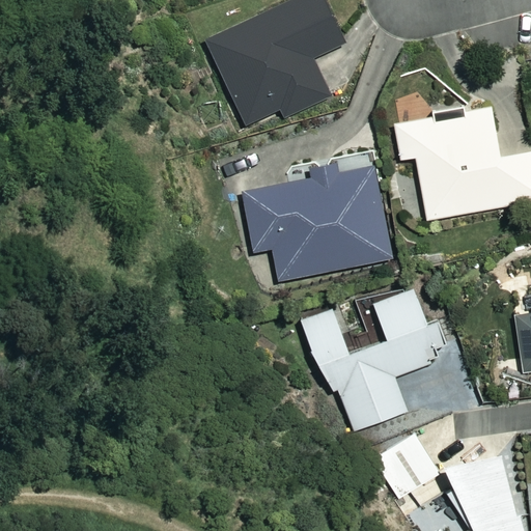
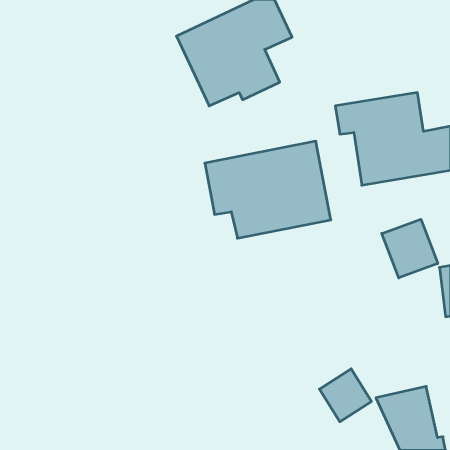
building: none -> [382,219,438,278]
building: [299,287,441,428] -> none

